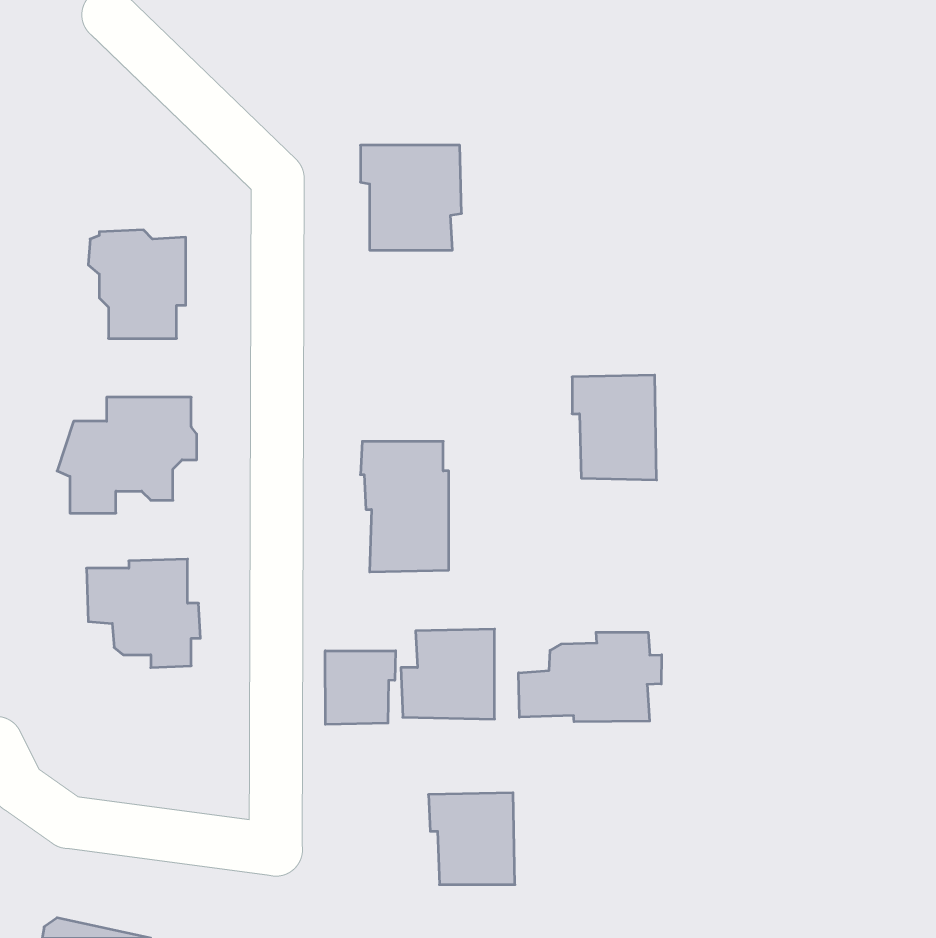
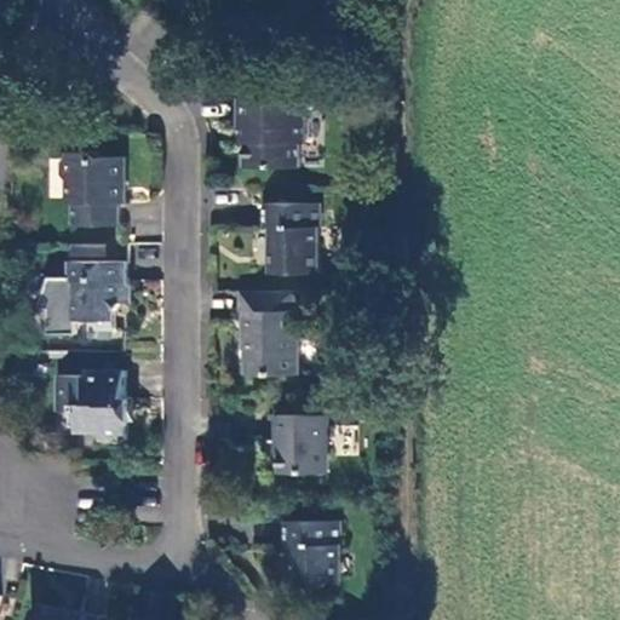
building: [572,375,657,480] -> [262,203,317,272]
building: [519,632,662,722] -> none
building: [325,651,396,724] -> none

